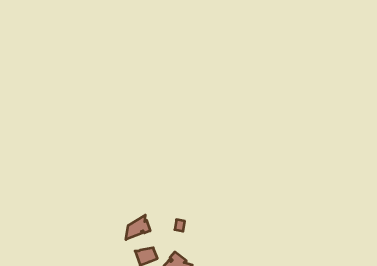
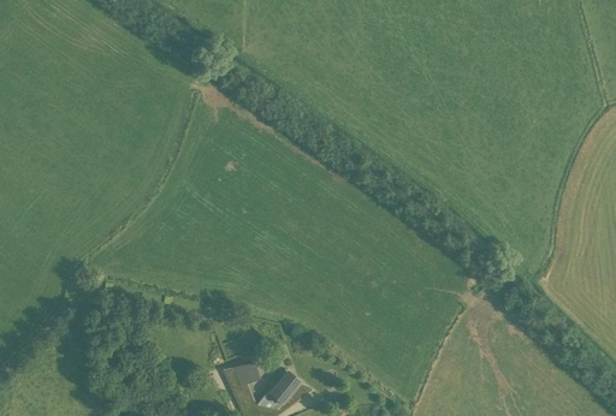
building: [126,215,150,240] -> none

